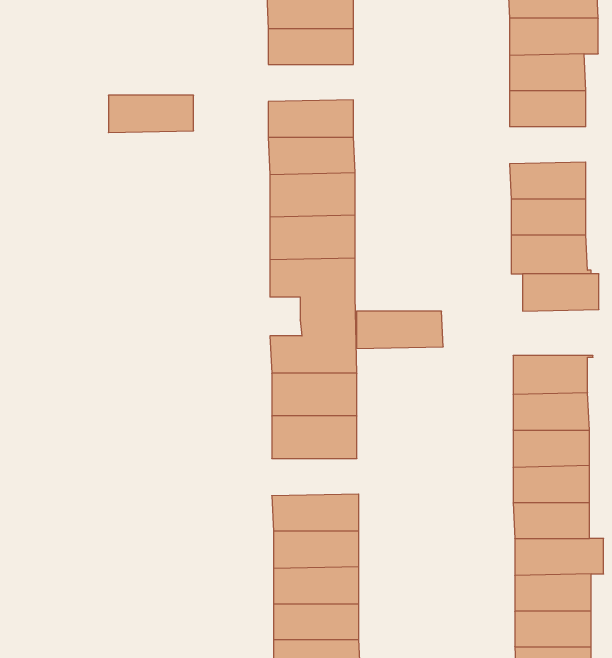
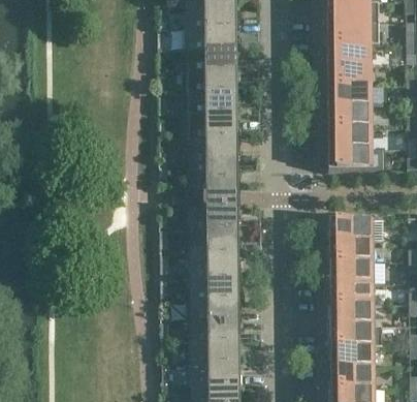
building: [108,95,194,133] -> [187,47,236,68]
building: [523,274,599,311] -> [327,83,372,104]
building: [356,311,443,349] -> [189,276,239,298]

